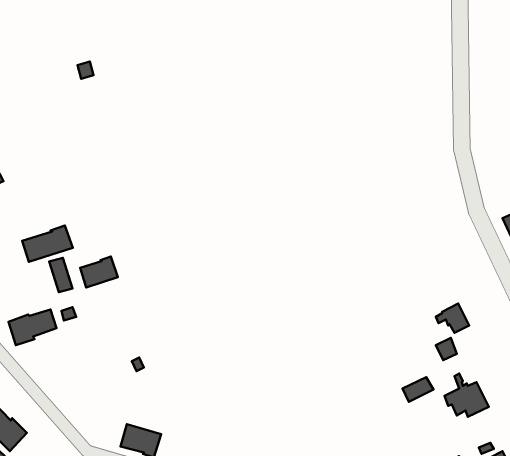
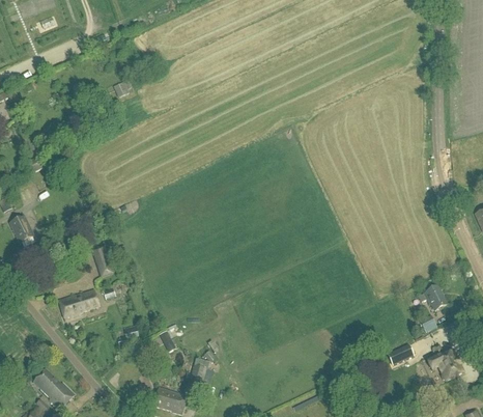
building: [22,225,73,262] -> none
building: [80,257,118,287] -> none
building: none -> [190,357,214,385]

